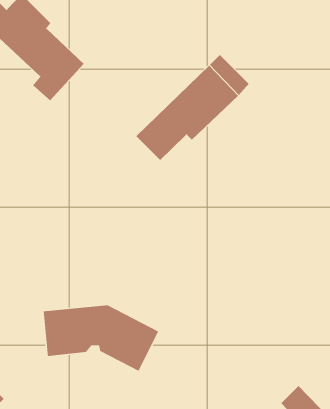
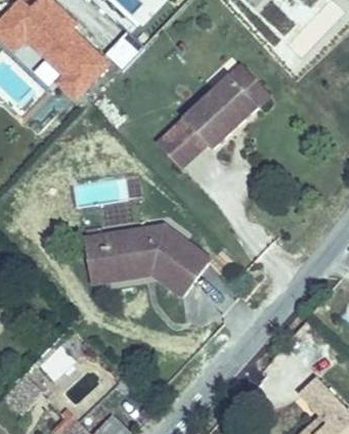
building: [43,305,159,372] -> [94,225,206,290]

